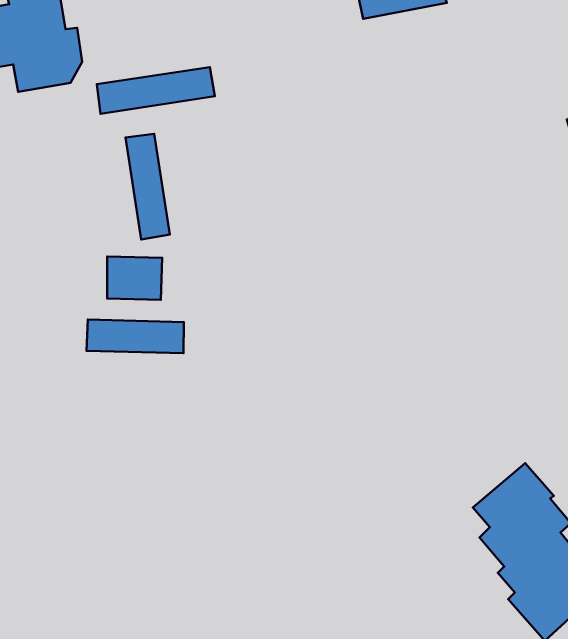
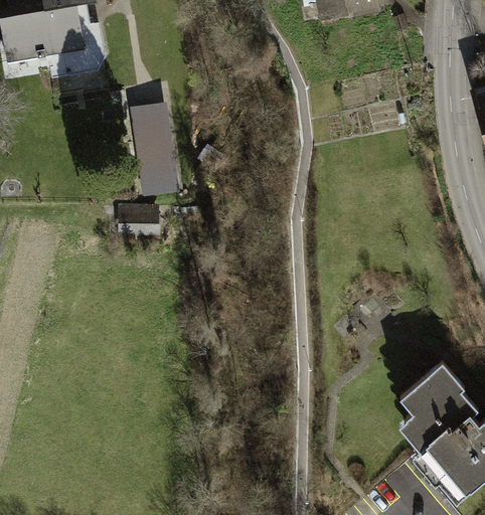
building: [97,67,215,114] -> none
building: [86,320,184,353] -> none

